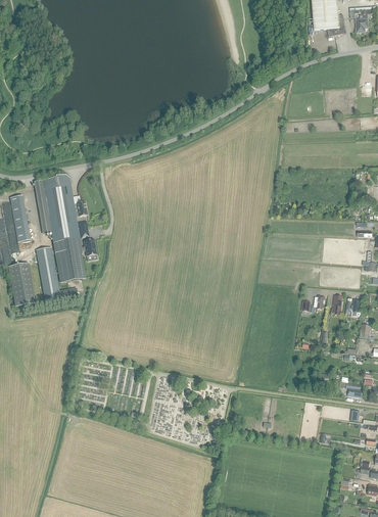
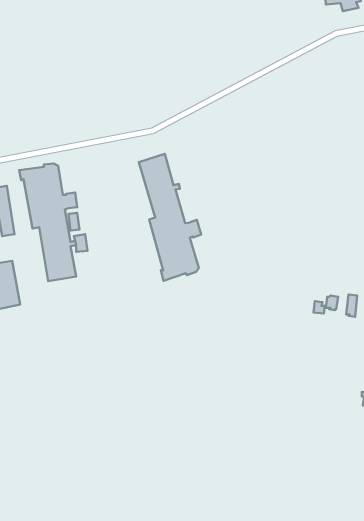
building: none -> [139,154,201,281]
building: [35,246,59,301] -> none

